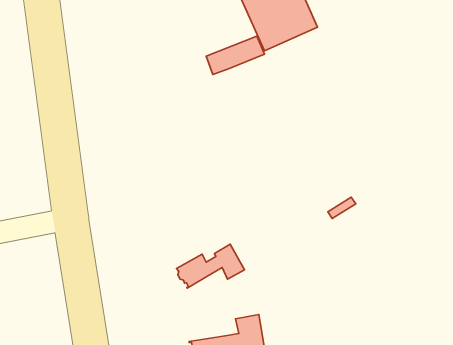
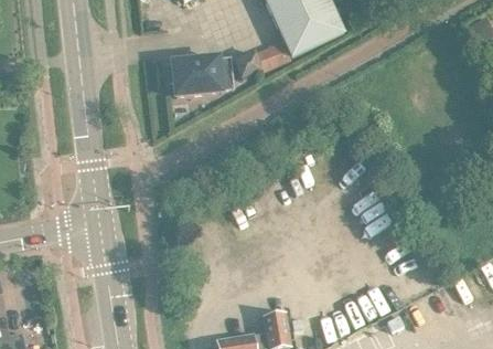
building: none -> [169,55,234,94]
building: [176,244,245,288] -> none

